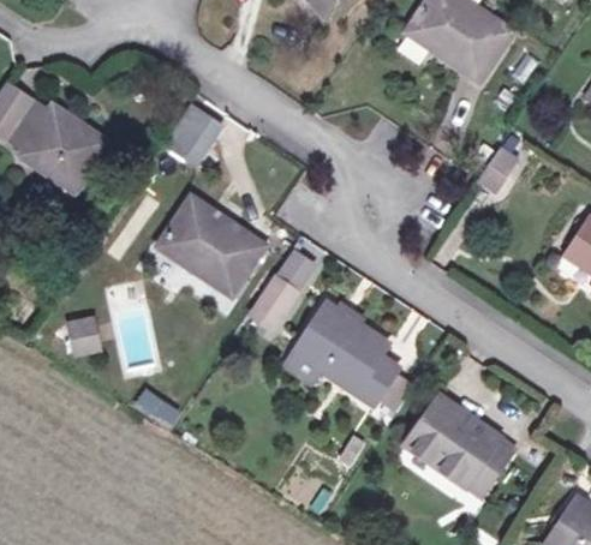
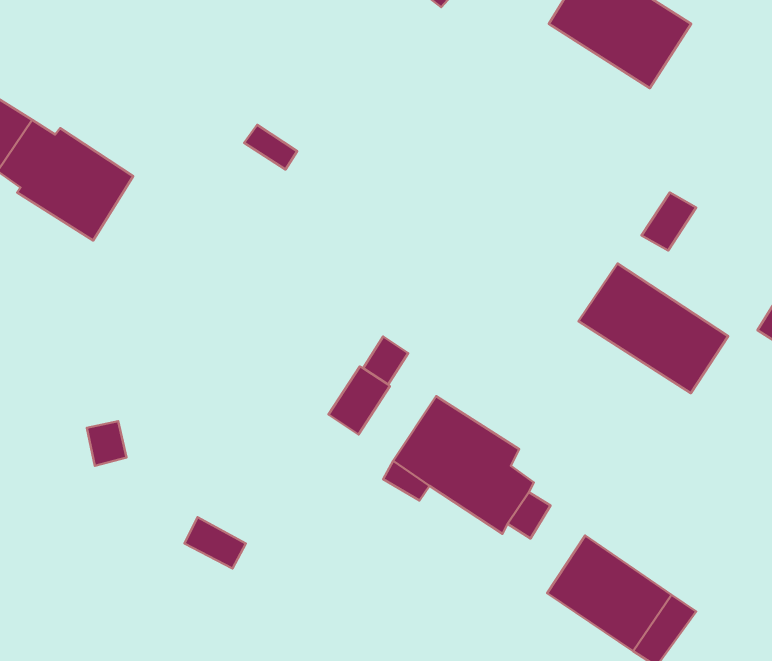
building: [168,119,215,164] -> none
building: [160,197,262,292] -> none
building: none -> [578,264,728,393]

